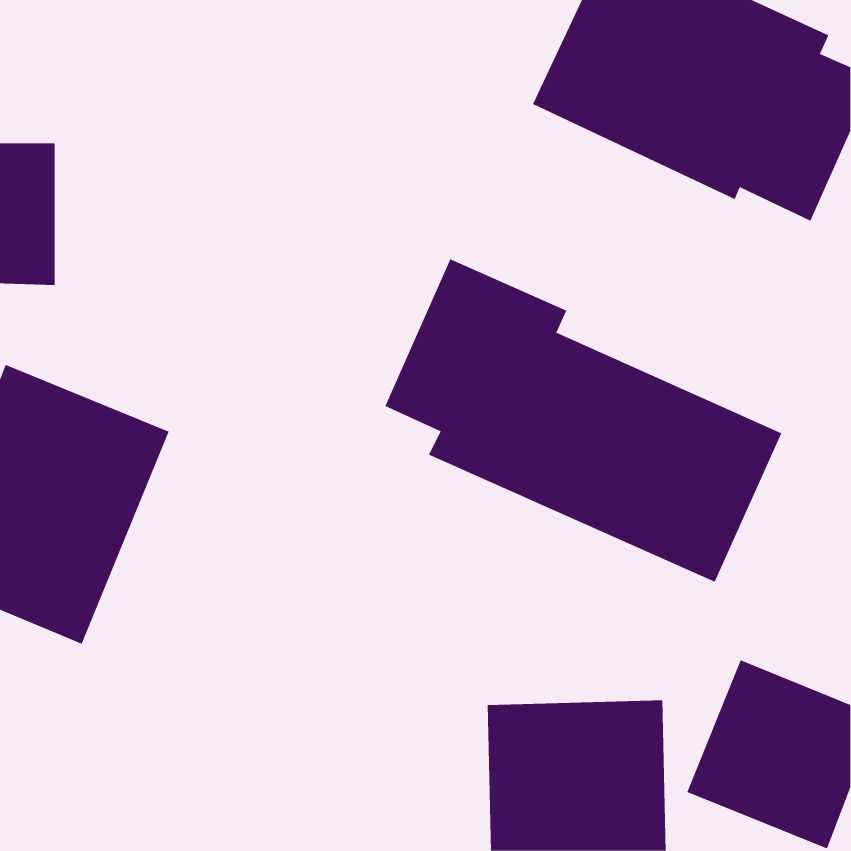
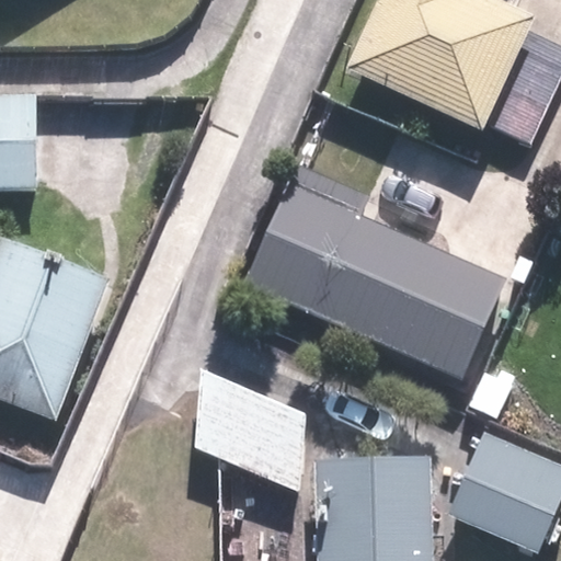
building: none -> [190,365,301,486]

